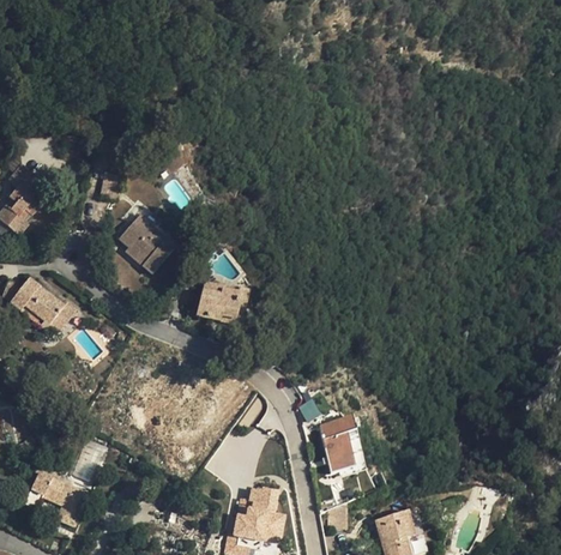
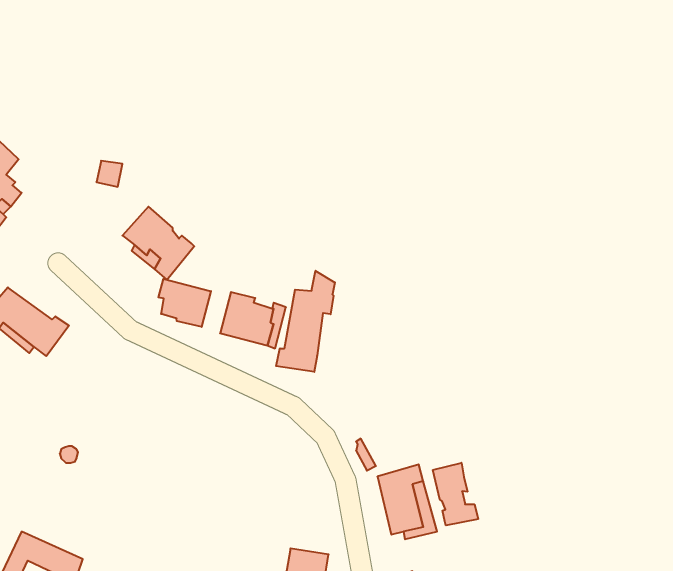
building: none -> [276,271,335,372]
building: none -> [158,279,211,327]
building: none -> [433,463,478,525]

